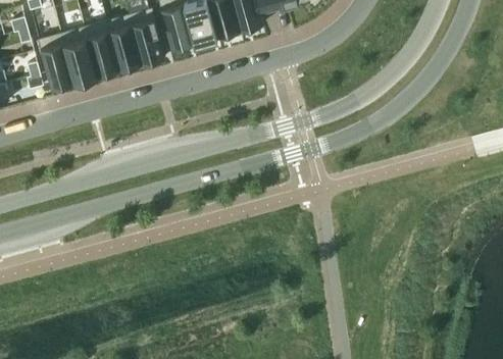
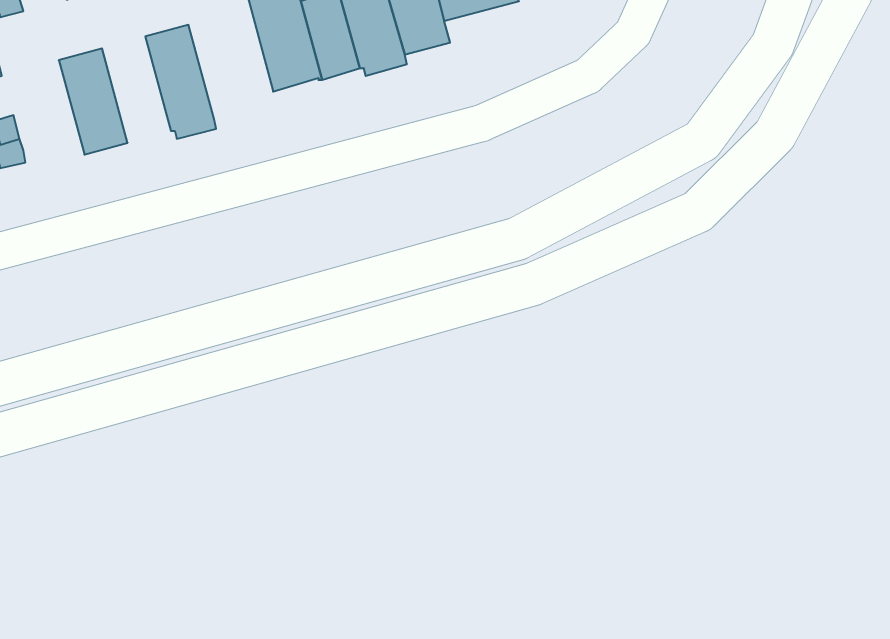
building: [128,8,165,64] -> none
building: [83,21,118,76] -> none
building: [38,34,73,89] -> none

